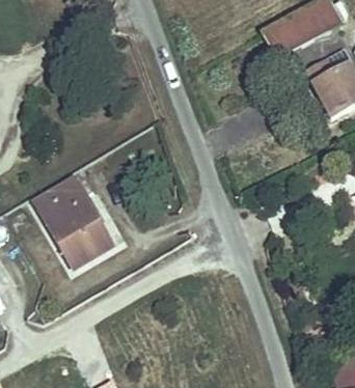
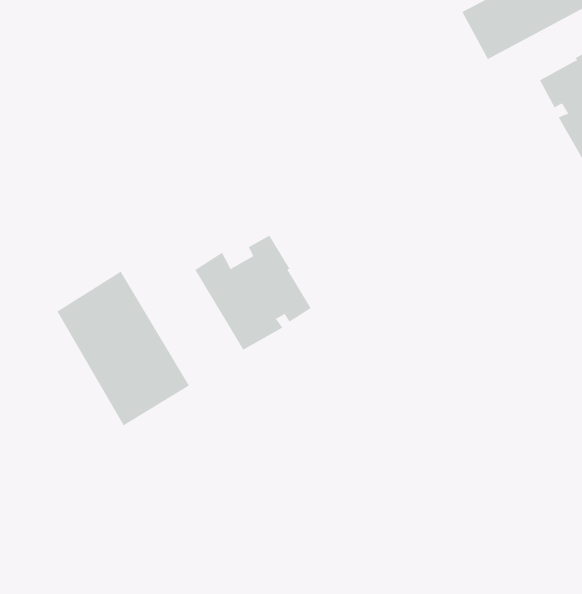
building: none -> [194,235,311,350]

